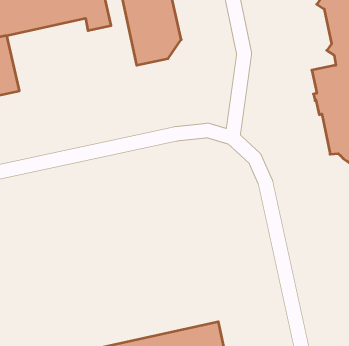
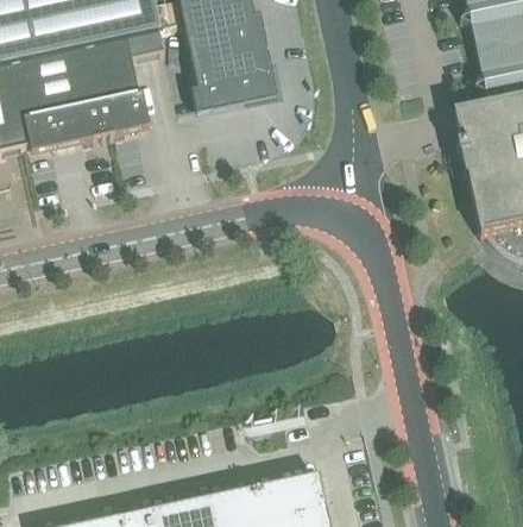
building: none -> [17,39,146,144]

